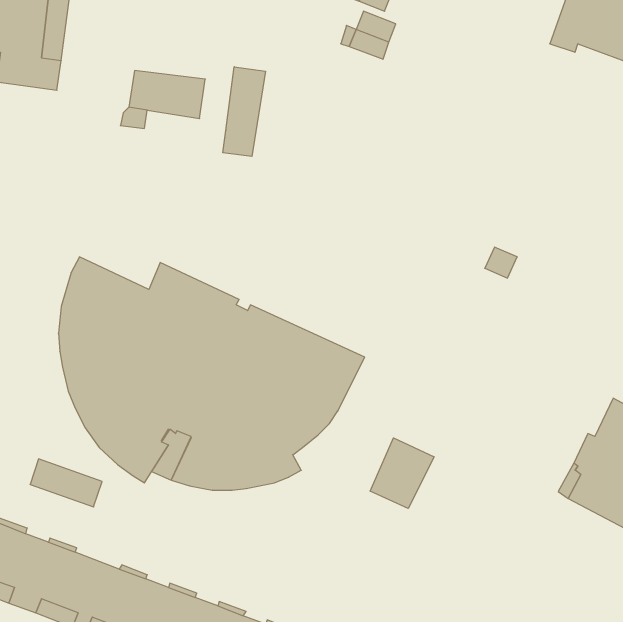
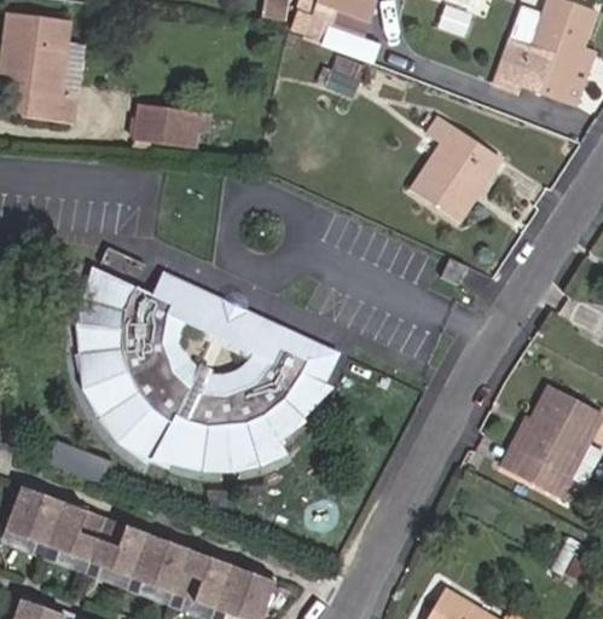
building: [223,67,265,156] -> none
building: none -> [412,112,501,219]
building: [370,438,434,508] -> none

